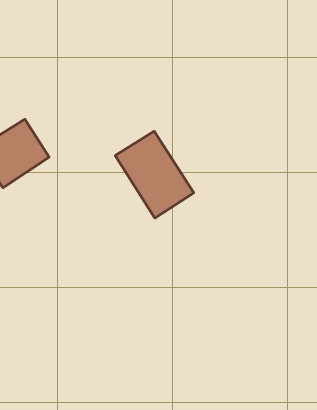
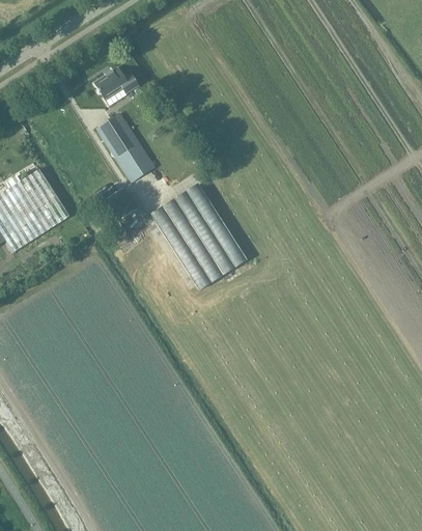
building: none -> [94,67,138,96]
building: none -> [96,112,154,181]

